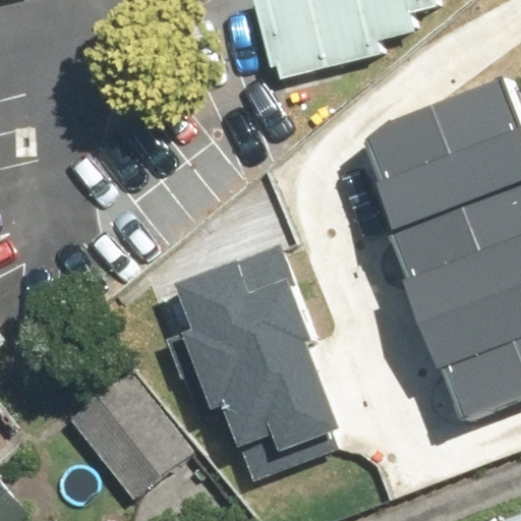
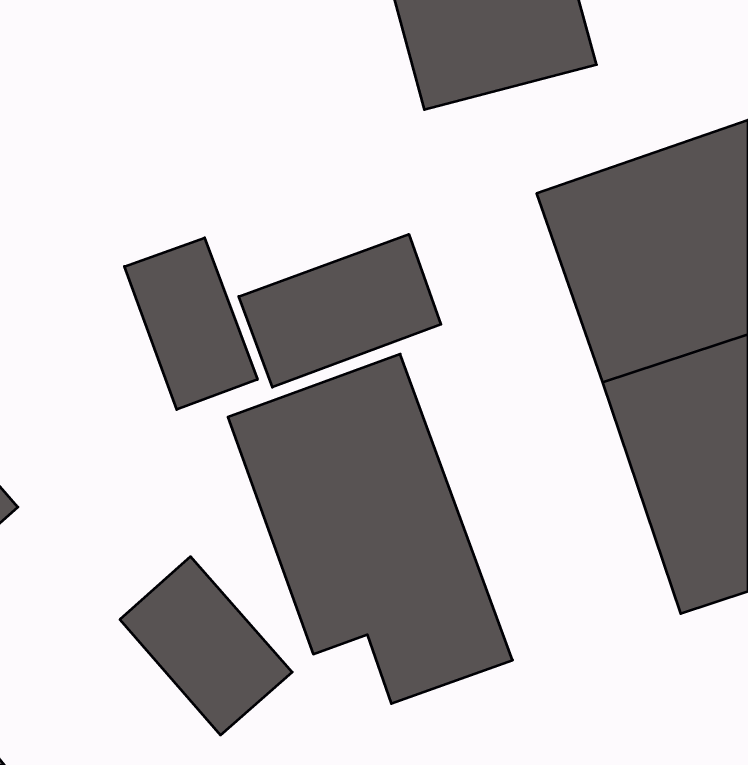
building: none -> [239,234,441,387]
building: none -> [124,238,257,410]

